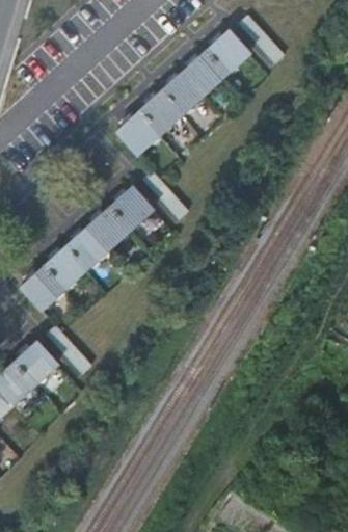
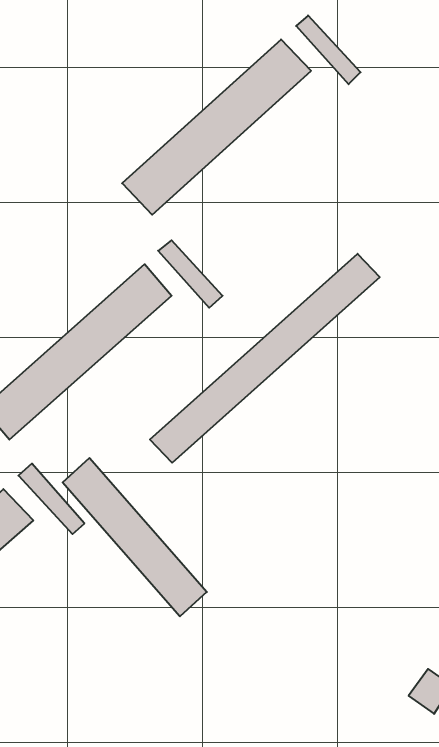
building: none -> [150,254,380,463]
building: none -> [63,458,207,616]

